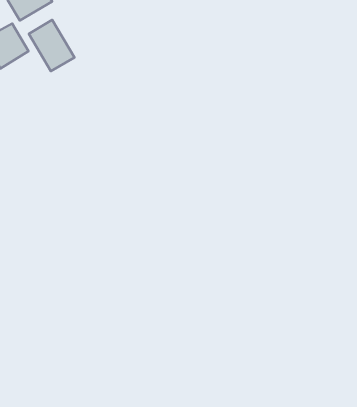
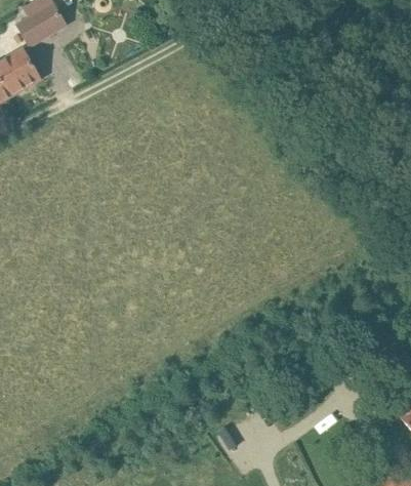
building: [29,20,74,71] -> none

